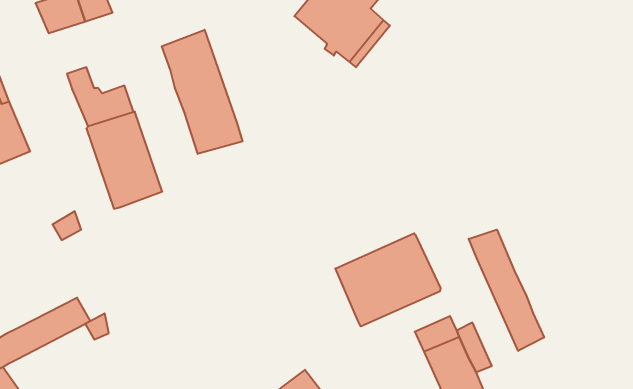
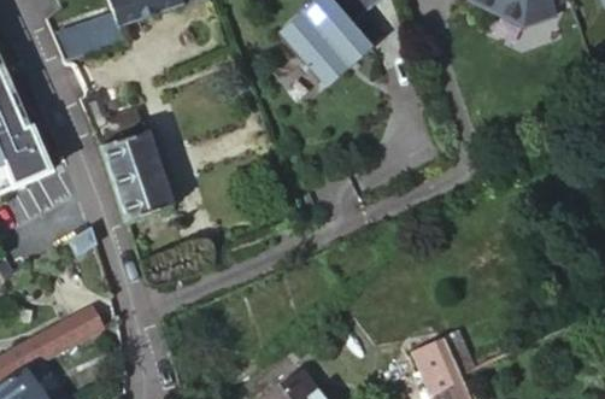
building: [162,30,243,154] -> none
building: [469,230,544,351] -> none
building: [335,233,441,326] -> none

